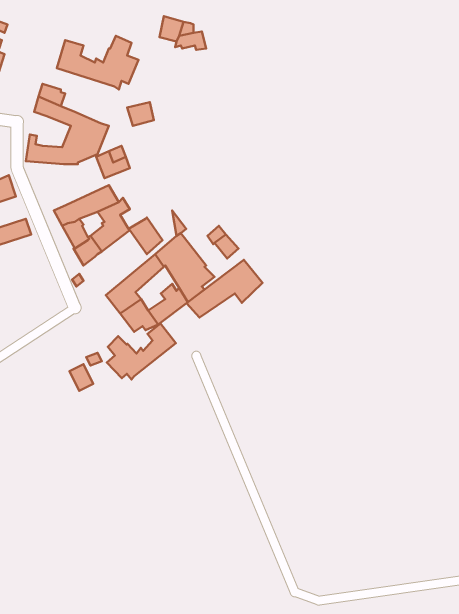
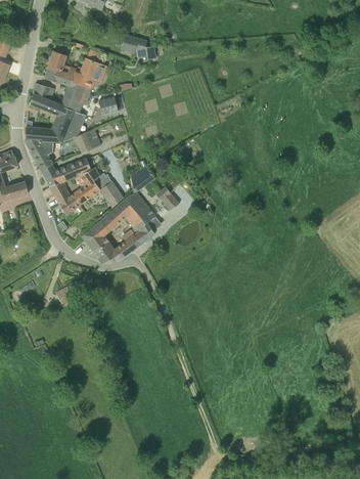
building: none -> [45,72,92,112]
building: none -> [25,139,53,169]
building: [186,260,262,317] -> none
building: [107,323,176,380] -> none

